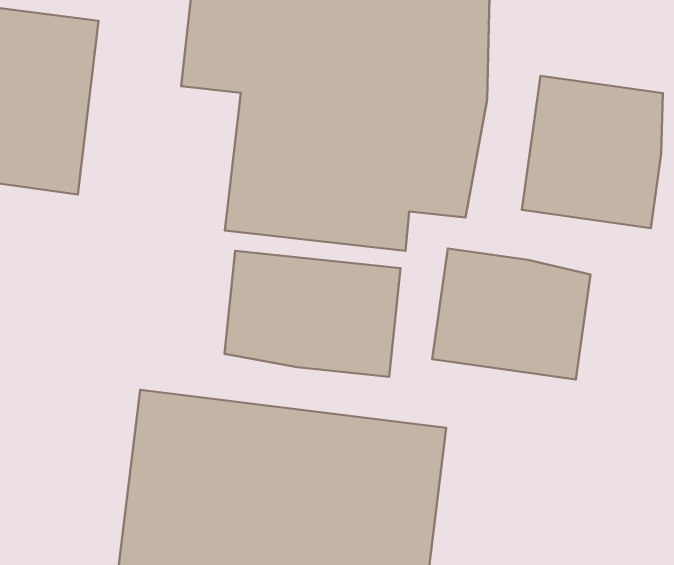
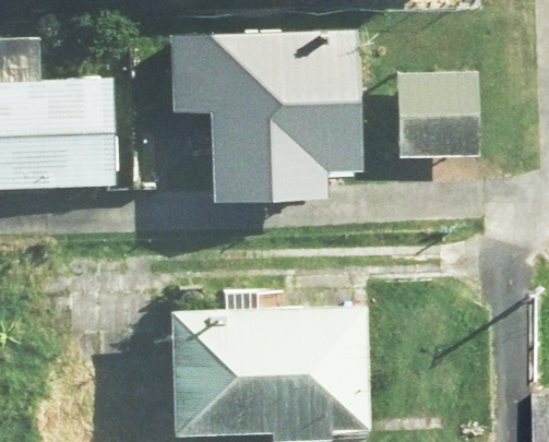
building: [432,249,591,379] -> none
building: [224,251,401,377] -> none

